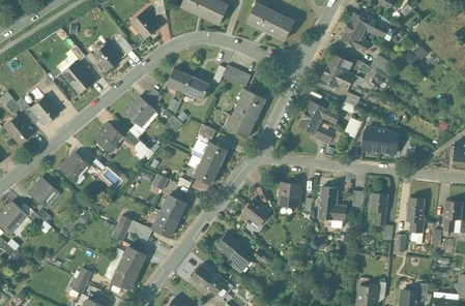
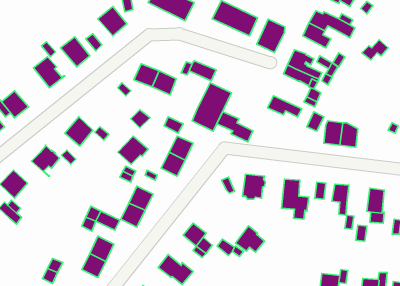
building: none -> [257,19,285,52]
building: [124,96,155,125] -> [118,136,148,164]
building: [297,114,335,145] -> [217,112,253,142]
building: [238,198,268,225] -> [236,226,265,252]

